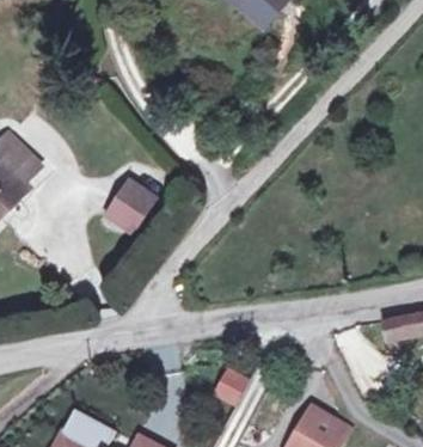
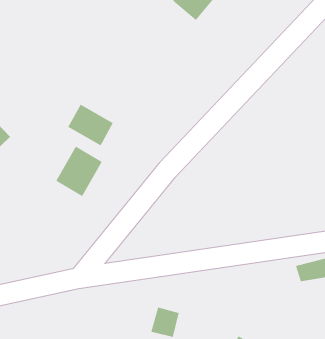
building: none -> [68,104,114,146]

